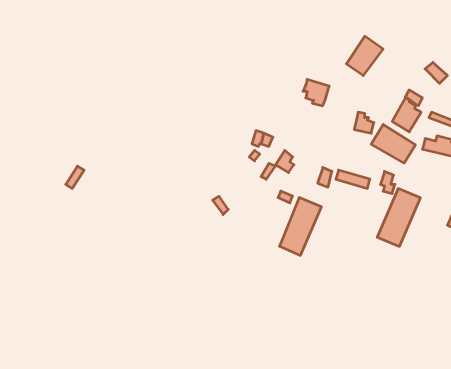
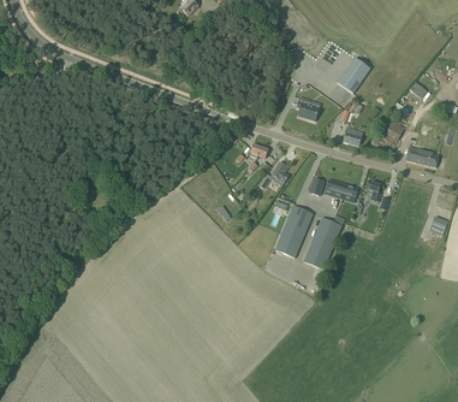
building: [371,124,415,163] -> none
building: [377,189,420,246] -> [303,217,343,270]

